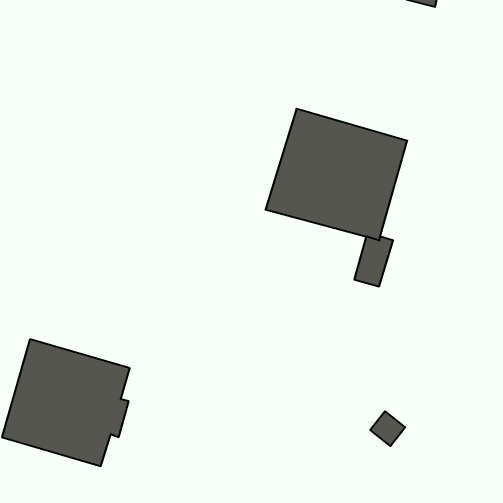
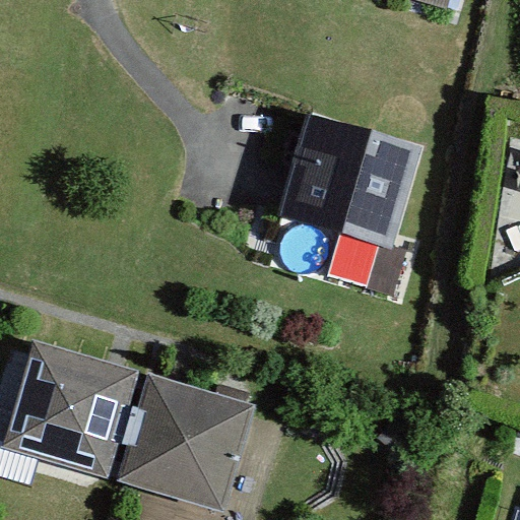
building: none -> [121,378,252,507]

